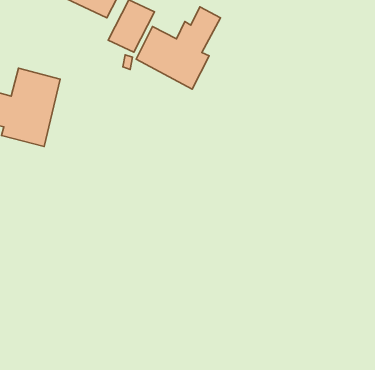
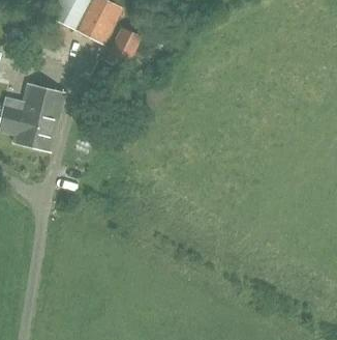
building: [136,7,220,89] -> none

